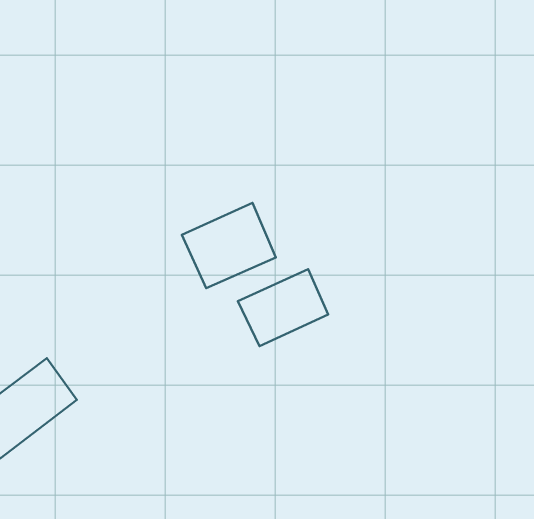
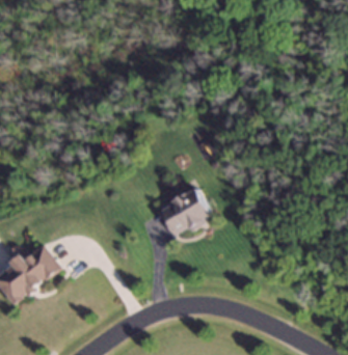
building: [182,203,276,288] -> none

